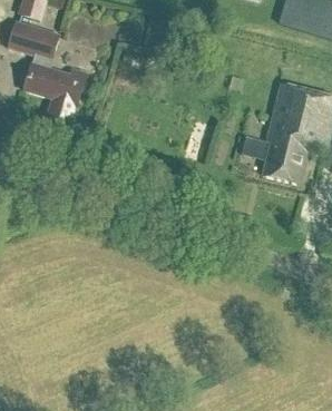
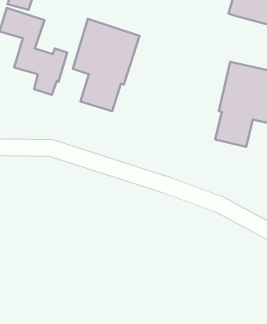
building: none -> [73,19,139,111]

